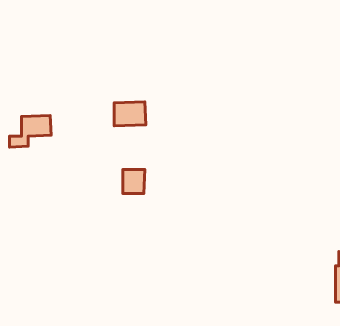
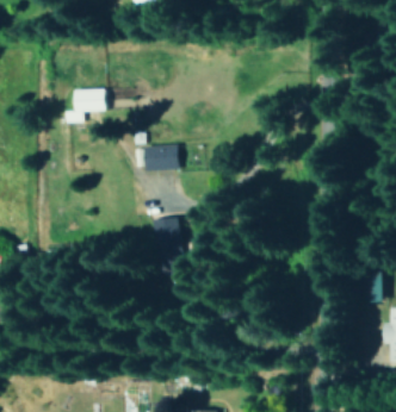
building: [10,116,51,147] -> [62,88,107,123]

